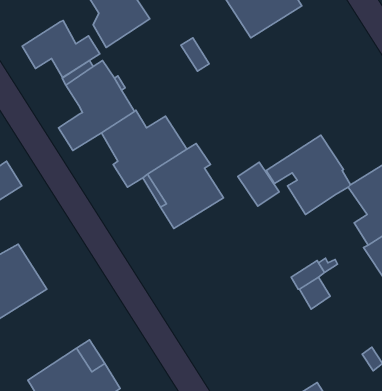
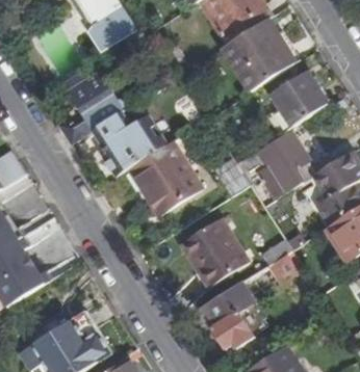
building: none -> [222,19,295,91]
building: [22,21,100,77] -> none
building: none -> [272,73,328,128]
building: none -> [180,218,248,287]
building: none -> [198,283,254,349]

